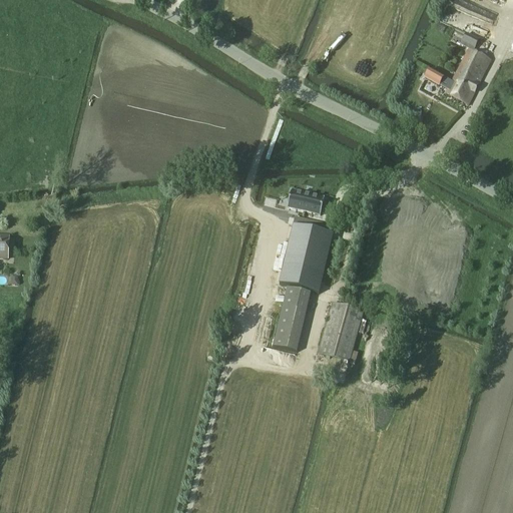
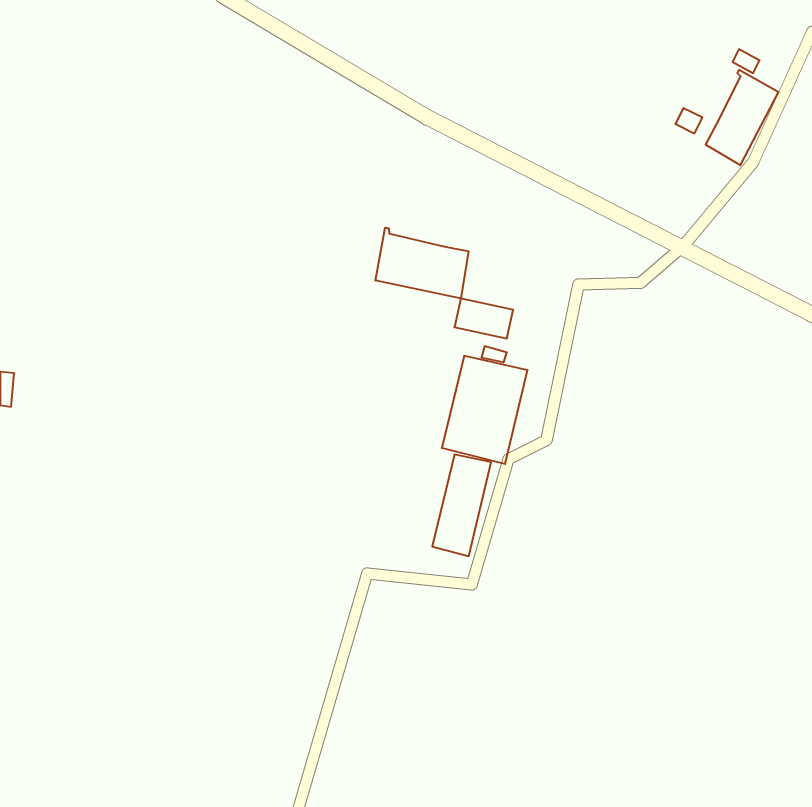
building: none -> [375,228,469,299]
building: [318,302,363,362] -> none

